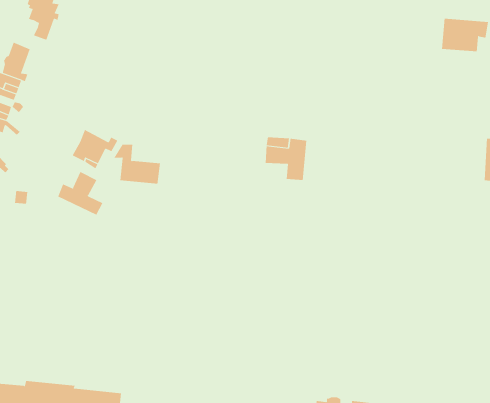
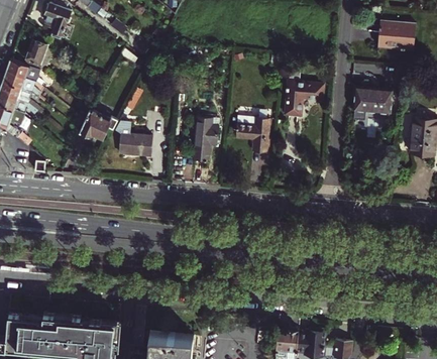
building: none -> [285,70,318,115]
building: none -> [354,87,392,112]
building: none -> [193,116,218,160]
building: [57,171,103,215] -> none

